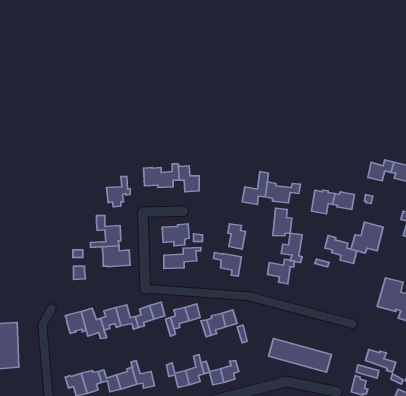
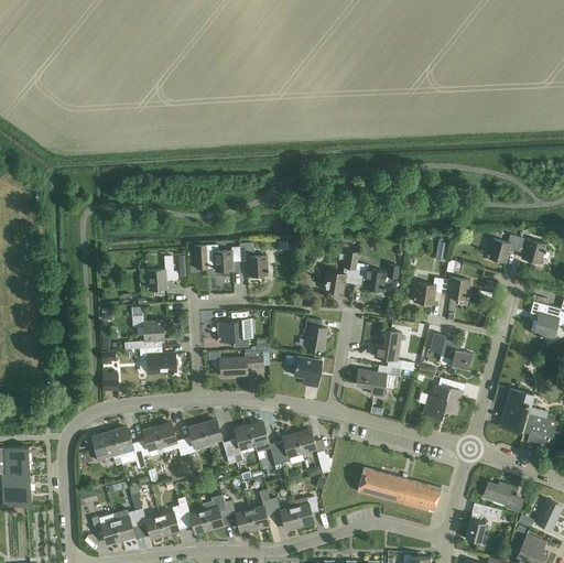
building: [273,208,292,236] -> none
building: [351,222,383,253] -> [422,377,464,418]
building: none -> [204,495,229,528]

